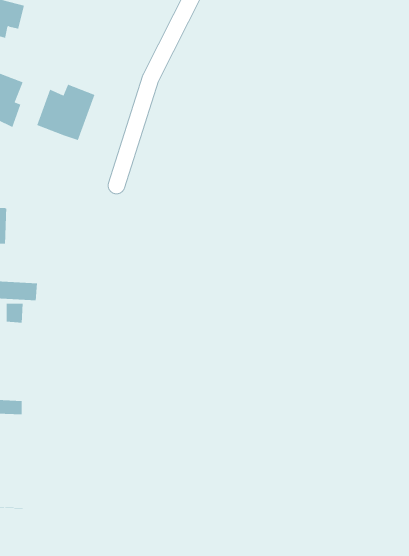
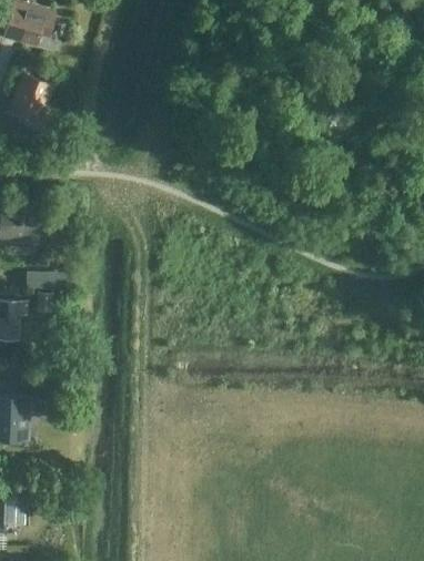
building: [37,84,95,141] -> none

